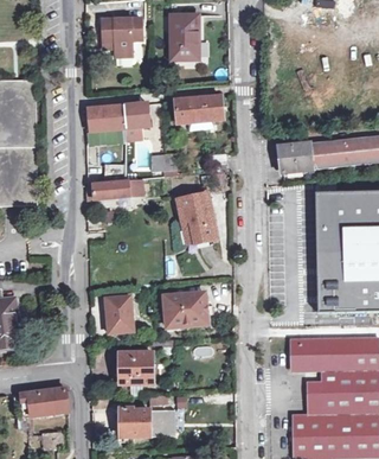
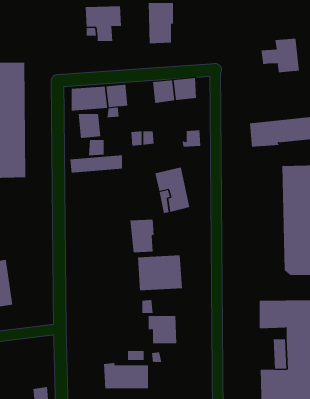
building: none -> [261,38,299,73]
building: none -> [78,113,101,139]
building: [104,295,131,332] -> [130,219,155,253]
building: [120,352,152,383] -> [148,316,177,344]
building: [21,389,69,417] -> none

